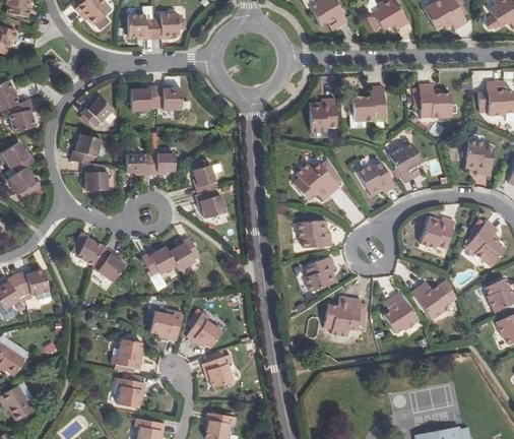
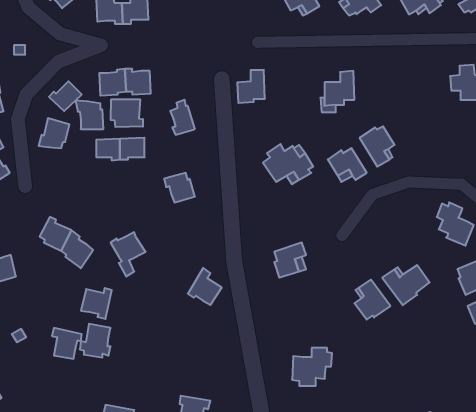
building: [413,85,454,120] -> none
building: [307,98,334,130] -> [237,70,265,103]
building: none -> [111,99,143,127]
building: [465,142,494,177] -> none
building: [192,158,216,192] -> [170,100,195,135]
building: [80,162,108,190] -> [76,100,103,129]
building: [412,217,451,251] -> none
building: [297,218,330,246] -> none
building: [167,236,199,270] -> none
building: [325,299,365,336] -> [292,348,332,386]
building: [149,310,180,340] -> [81,288,112,319]
building: [188,310,221,347] -> [188,268,222,305]
building: [202,353,234,386] -> none
building: [115,376,144,406] -> [52,328,82,359]

